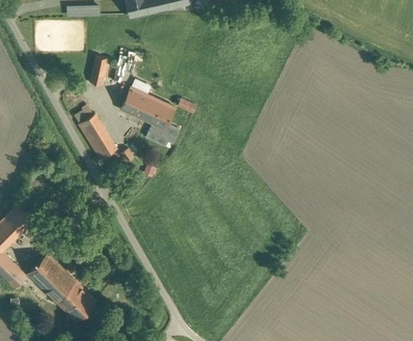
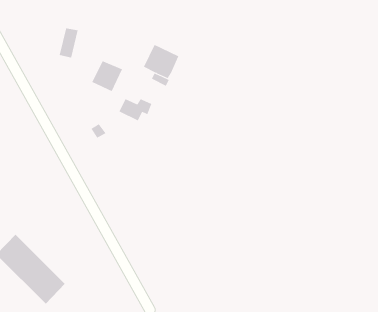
building: [140,96,174,130] -> [143,44,179,79]
building: [78,114,116,160] -> none

